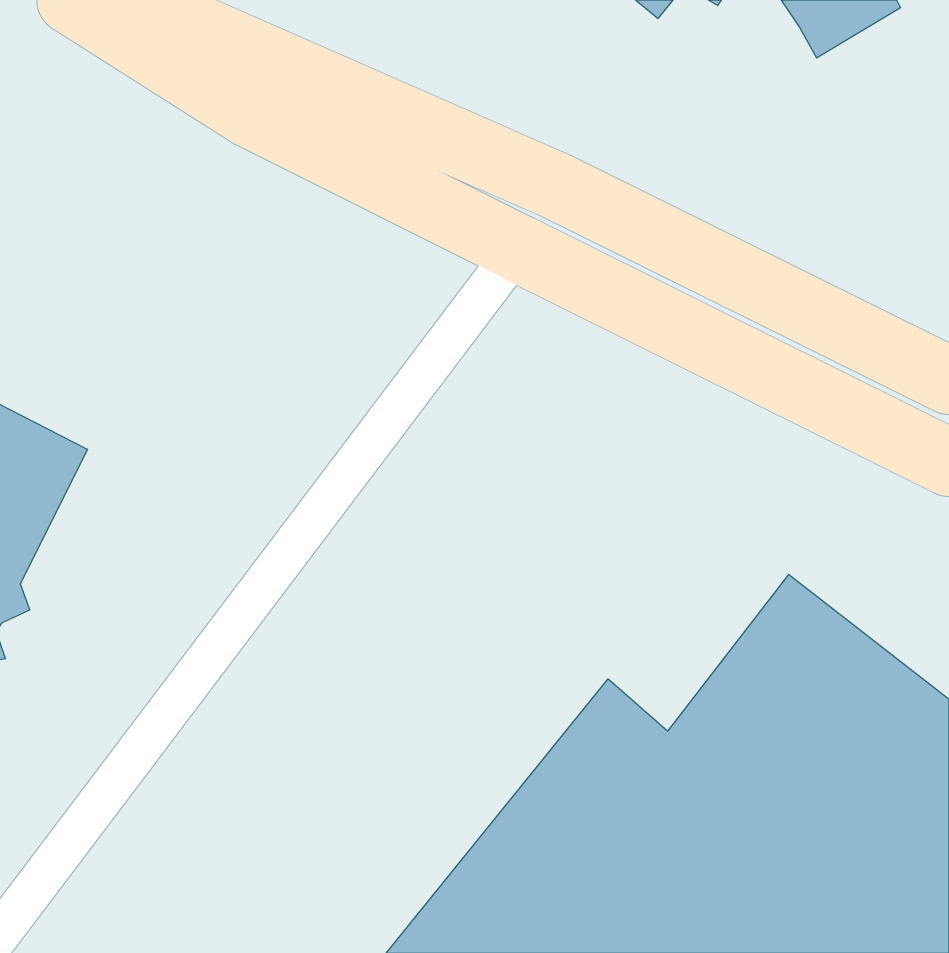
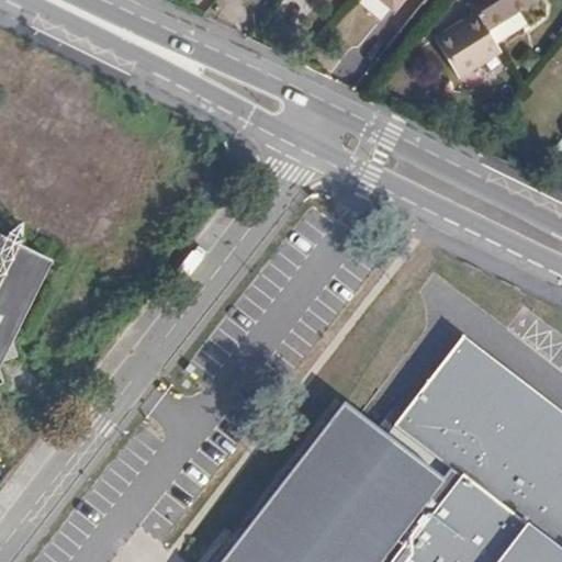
building: none -> [429,16,493,79]

